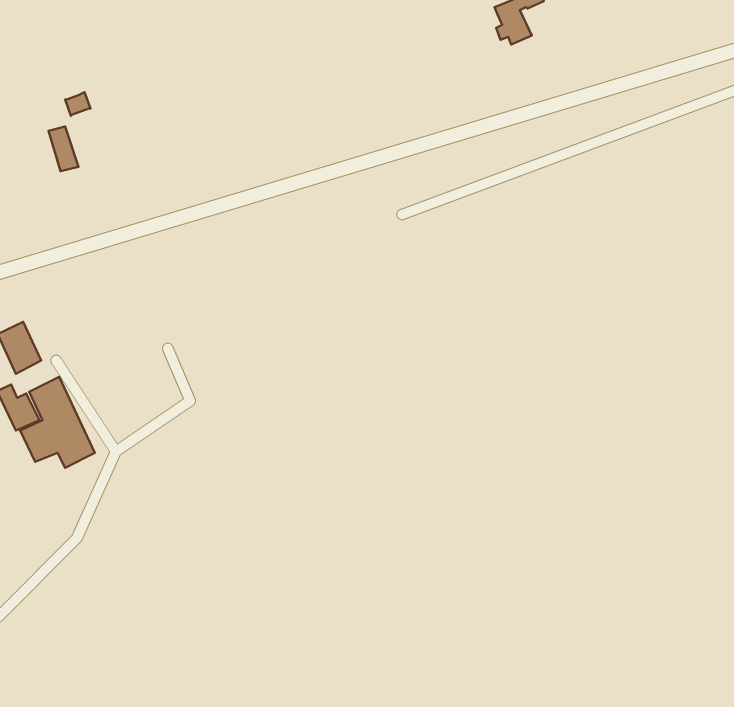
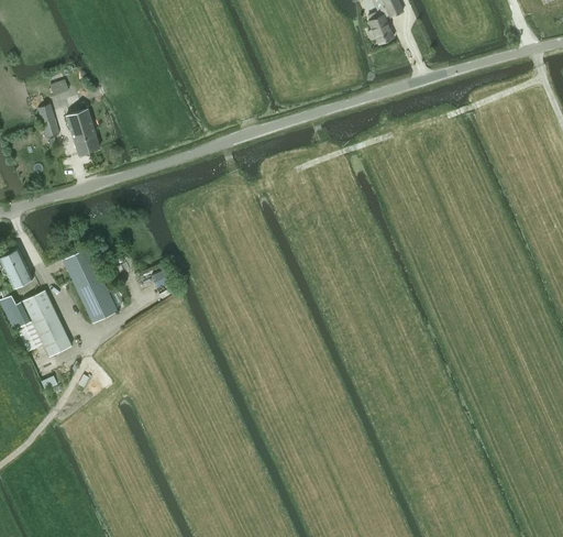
building: none -> [66,109,100,155]
building: none -> [64,249,118,324]

